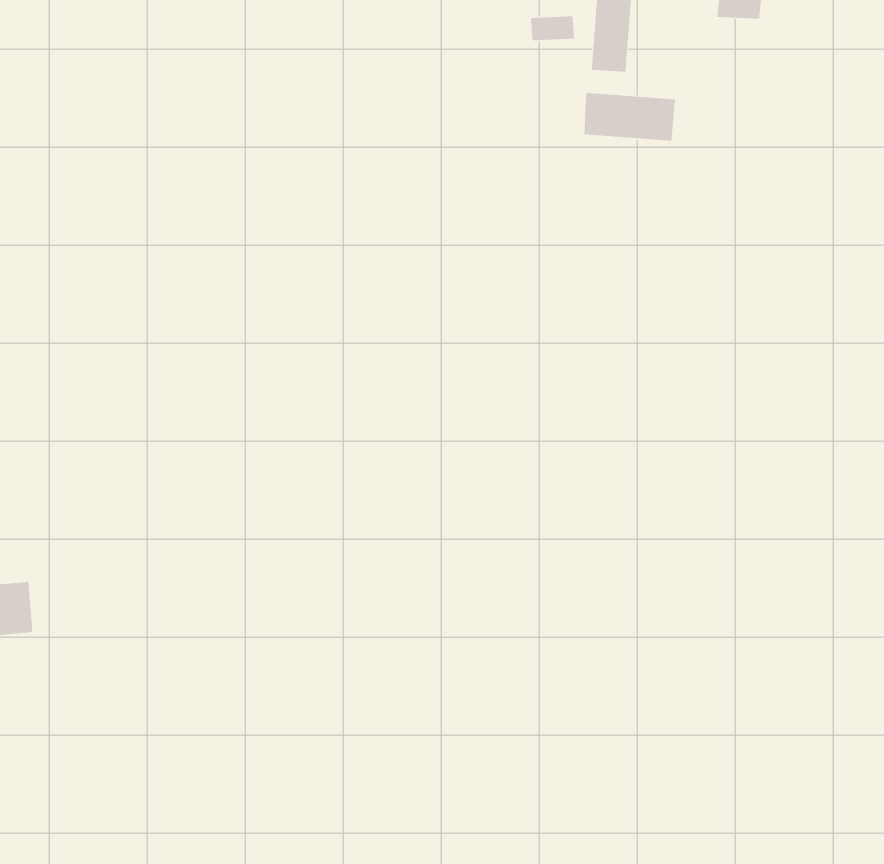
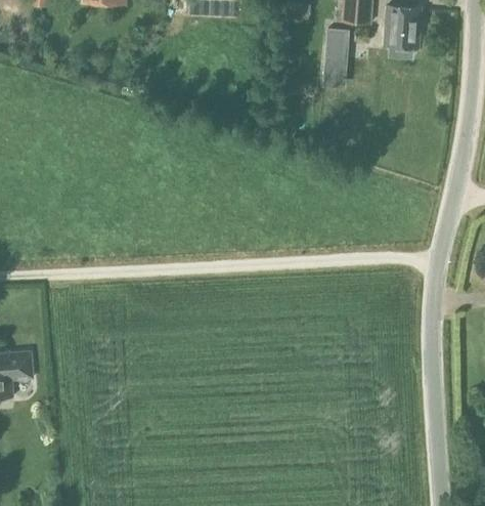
building: [583,92,676,141] -> none

